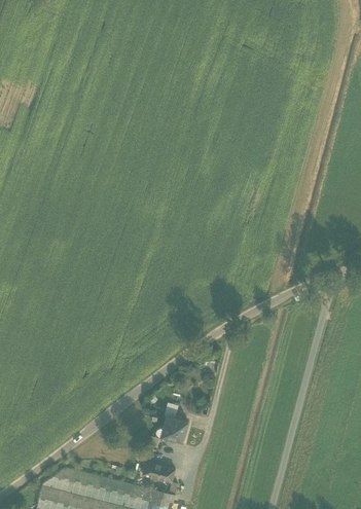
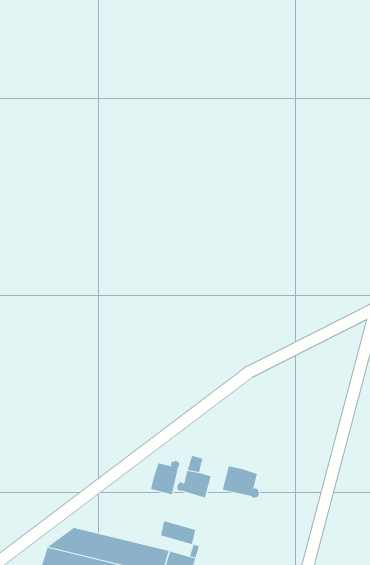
building: none -> [151,460,180,495]
building: none -> [222,465,260,498]

